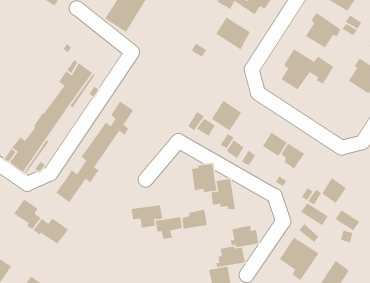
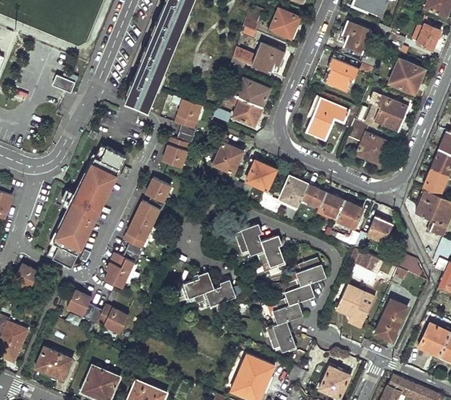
building: none -> [221,90,263,125]
building: none -> [162,99,200,167]
building: none -> [346,119,390,167]
building: none -> [212,143,243,174]
building: none -> [279,175,307,206]
building: none -> [335,199,362,229]
building: none -> [297,256,326,284]
building: [182,209,208,229] -> none

